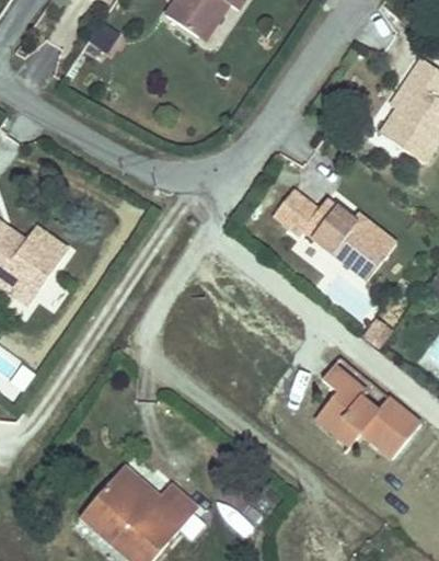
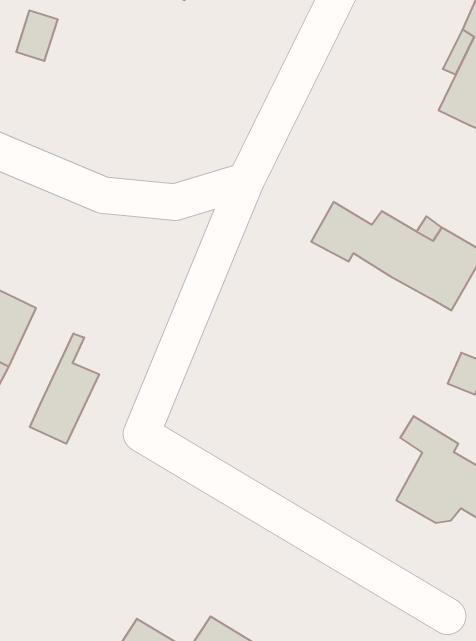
building: none -> [30,333,99,444]

